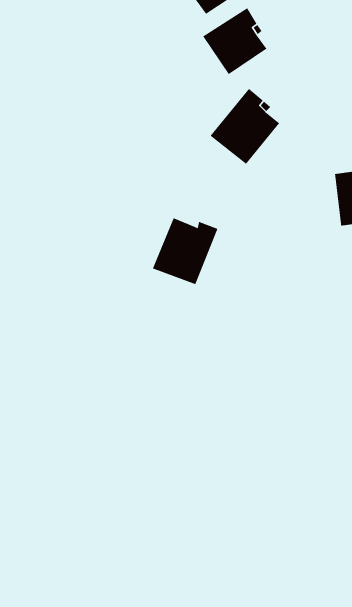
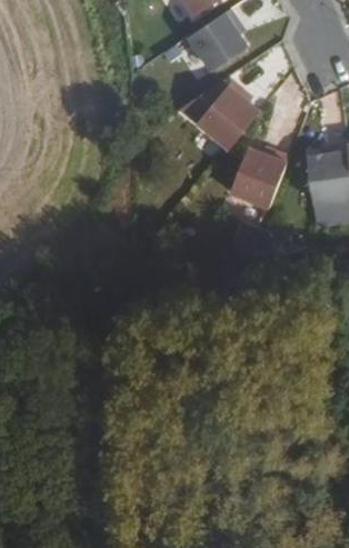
building: [152,217,219,285] -> [229,147,288,207]

